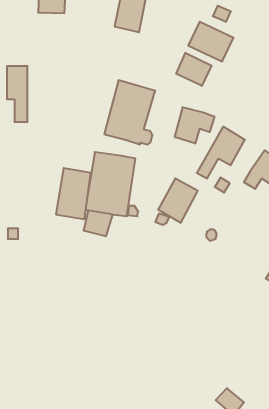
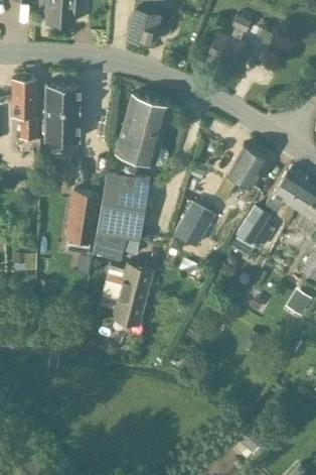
building: [176,53,211,86] -> none
building: none -> [45,85,81,142]
building: [175,107,214,144] -> none
building: none -> [236,206,271,245]
building: none -> [100,265,153,327]

